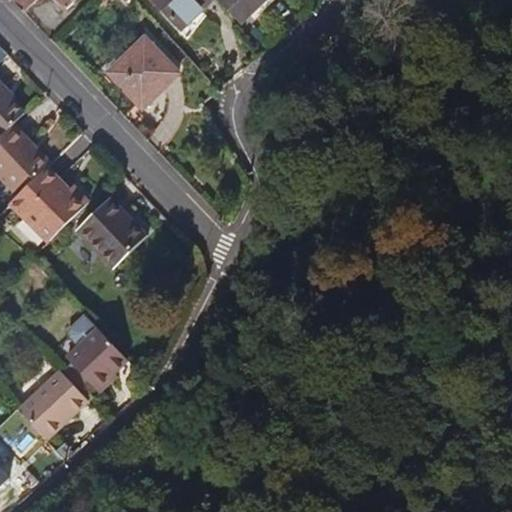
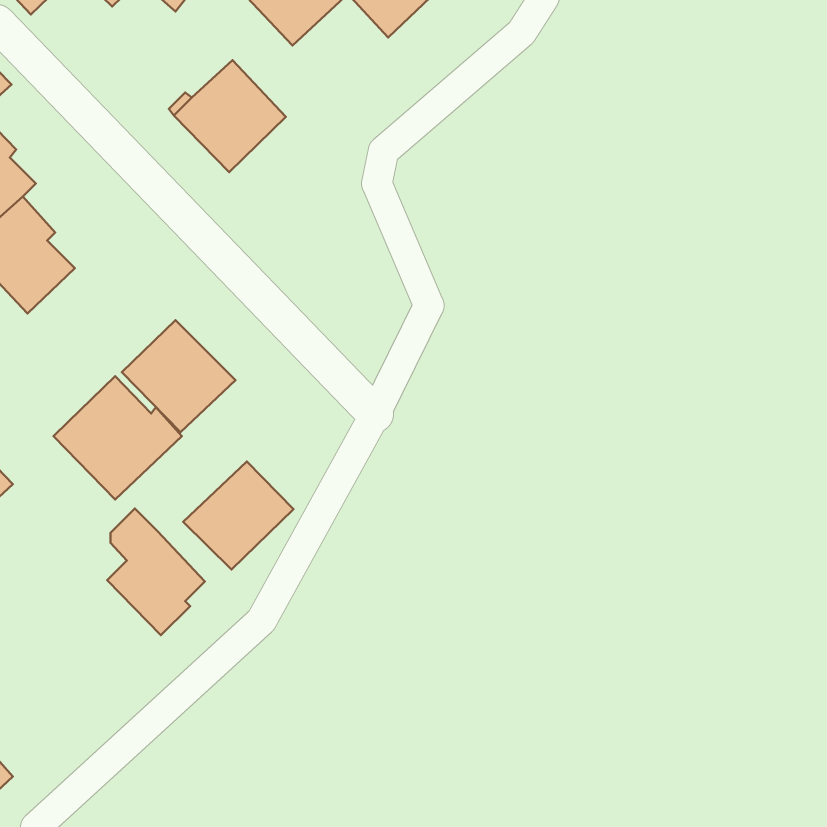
building: [8,165,87,241] -> [54,376,182,500]
building: none -> [183,462,293,570]
building: [20,371,88,438] -> none

